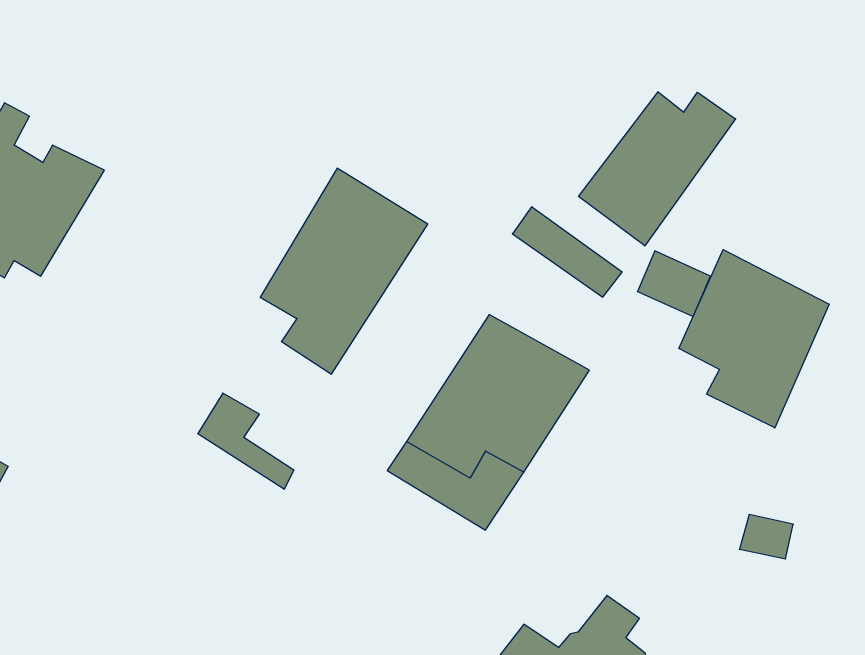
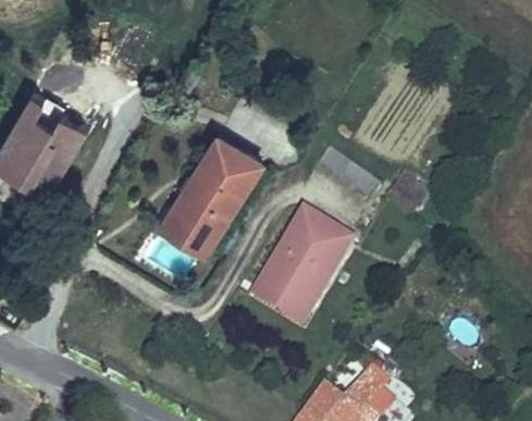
building: [579,92,736,246] -> none
building: [679,250,829,428] -> none
building: [198,393,294,489] -> [160,199,214,253]

